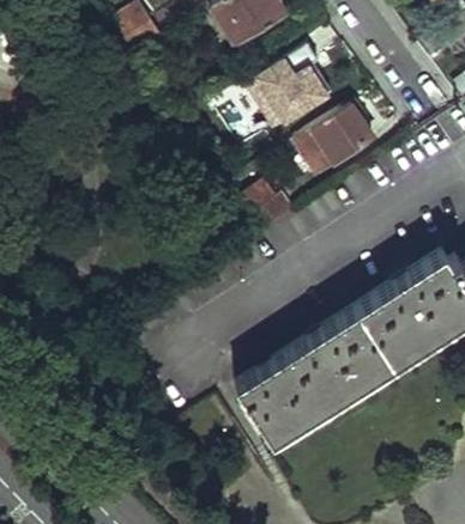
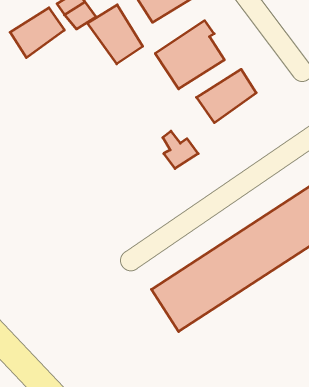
building: none -> [88,5,143,64]
building: none -> [10,8,64,58]

